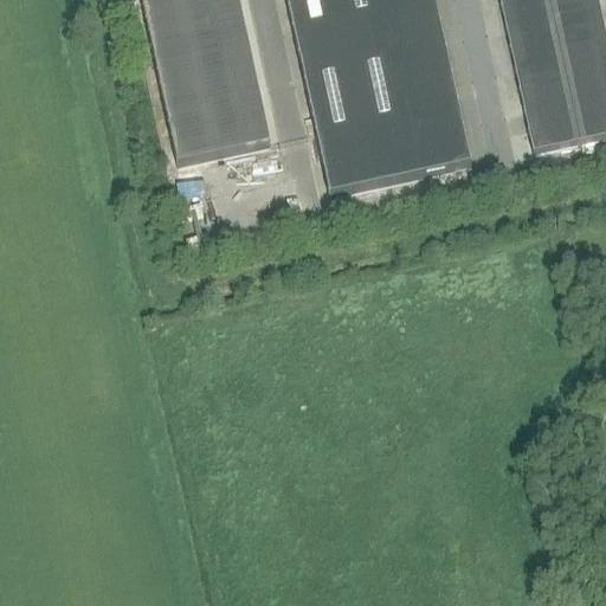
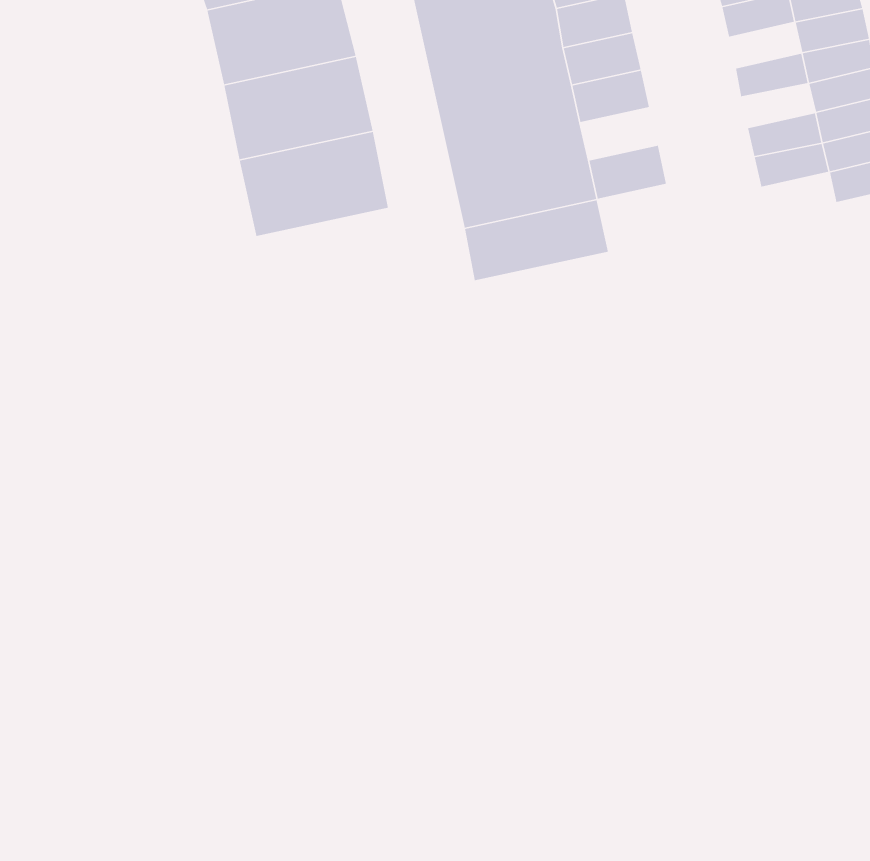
building: [507,15,557,47] -> none
building: [515,58,567,89] -> none
building: [404,75,458,111] -> none
building: [529,120,581,152] -> none
building: [415,128,471,175] -> none

